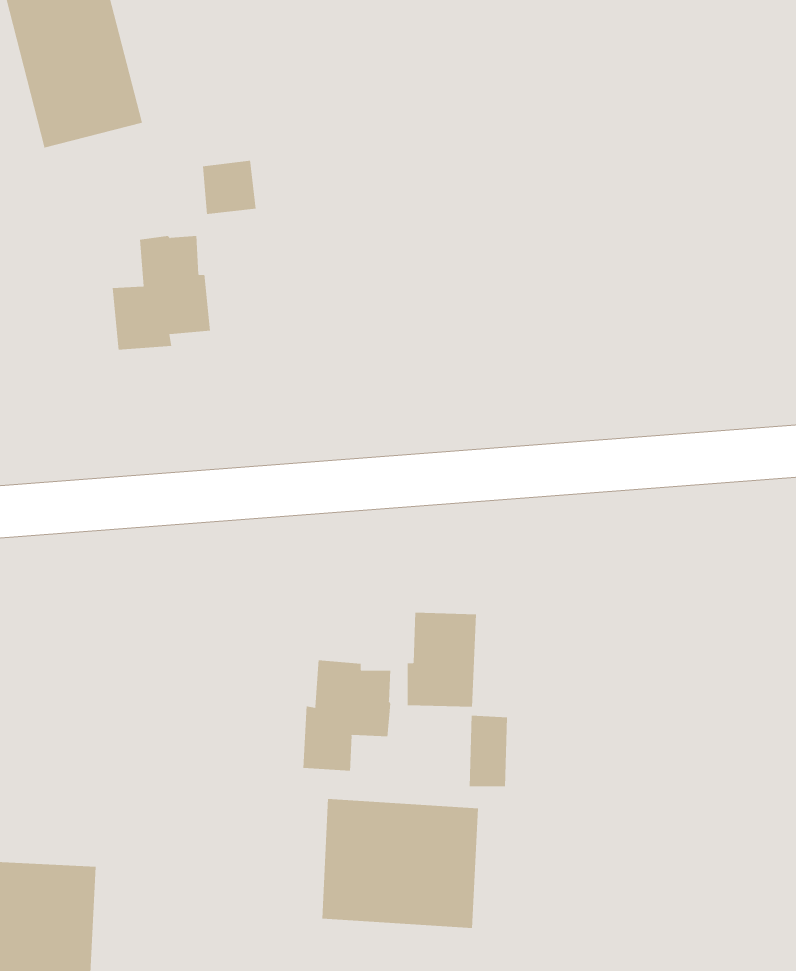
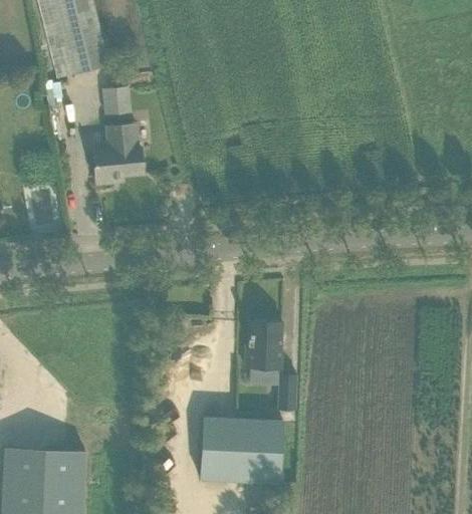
building: [202,160,256,215] -> [102,86,131,114]
building: [303,660,391,772] -> none

